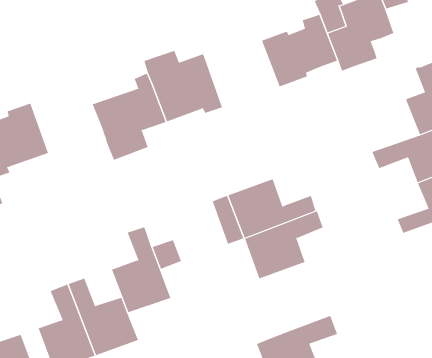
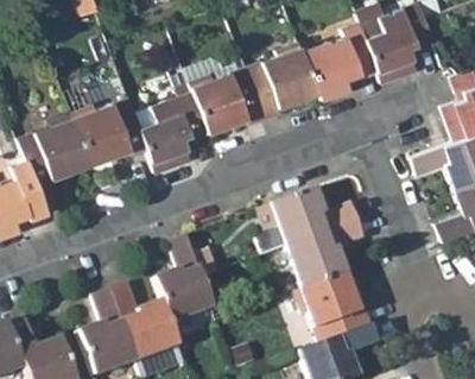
building: none -> [247,42,317,116]
building: none -> [74,97,147,162]
building: none -> [294,270,370,341]

